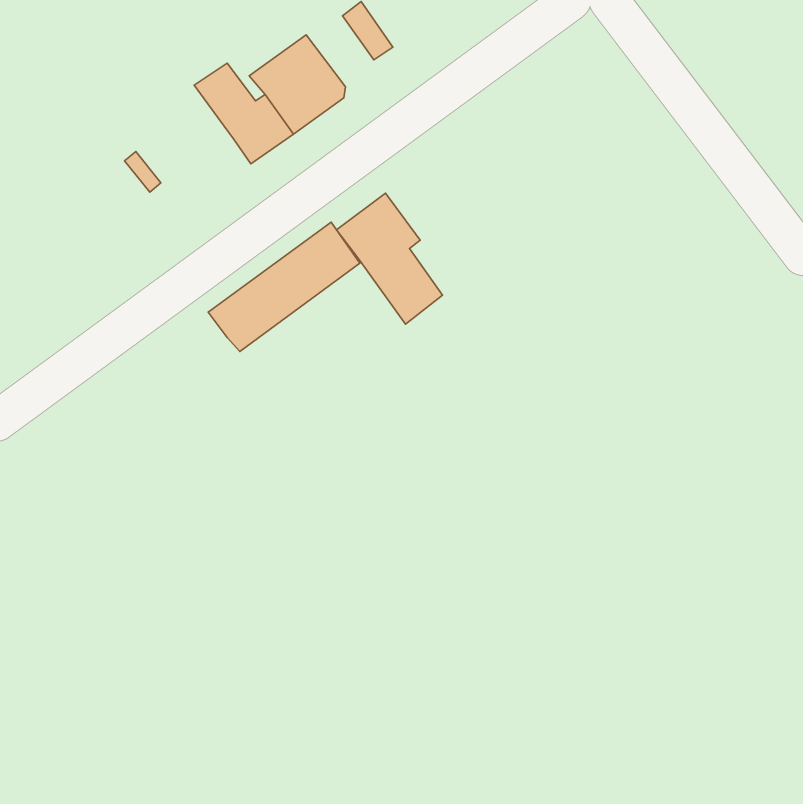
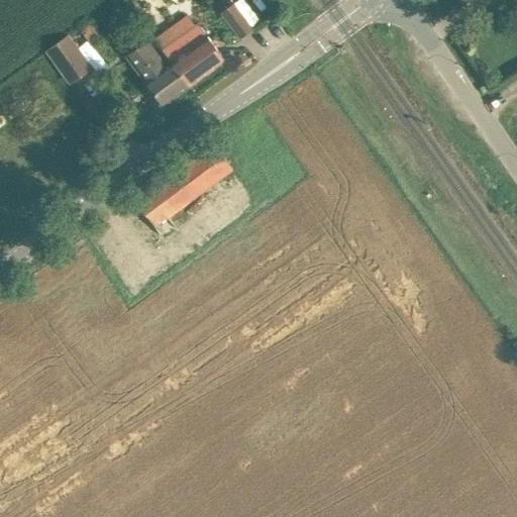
building: none -> [46,33,93,82]
building: [337,193,442,324] -> none

